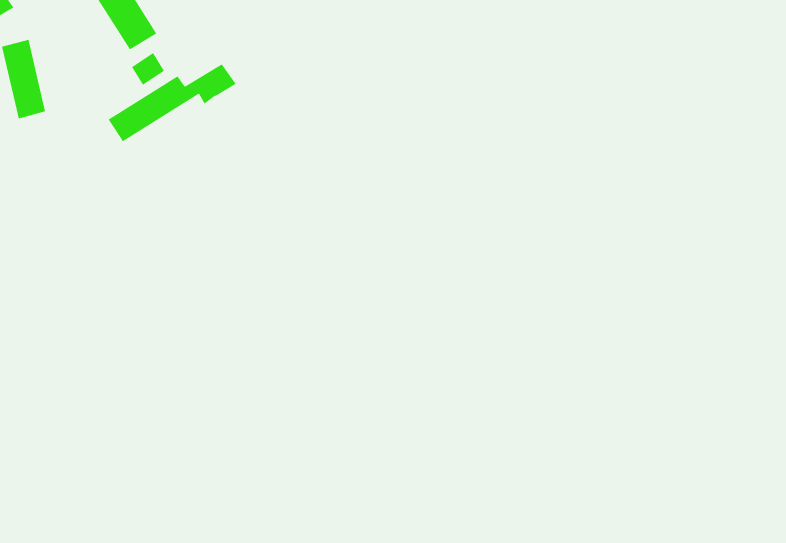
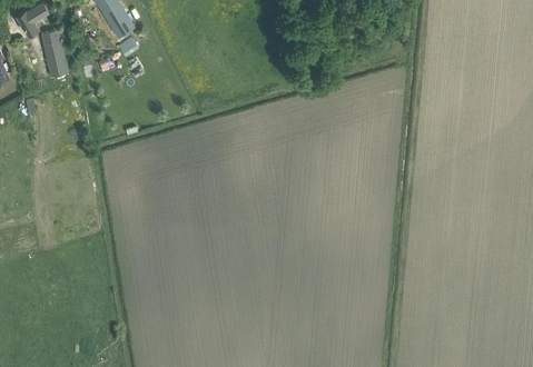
building: [108,64,236,142] -> none

